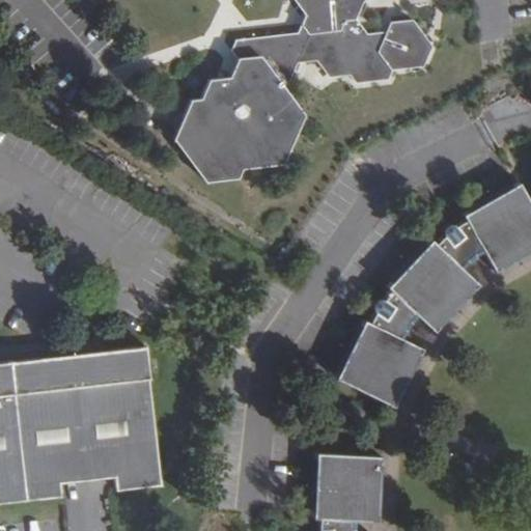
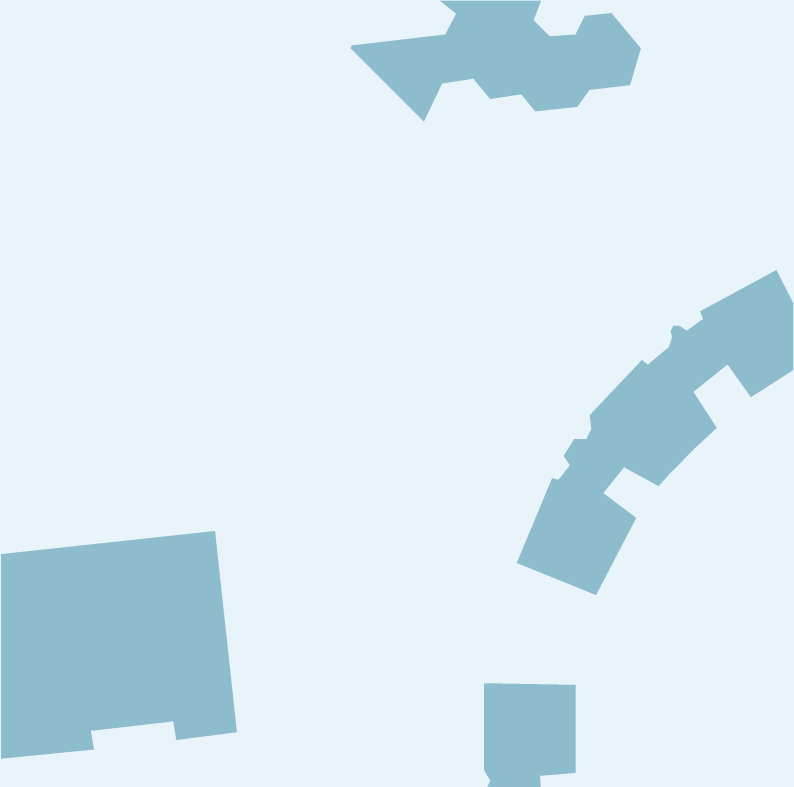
building: [174,37,300,175] -> none

